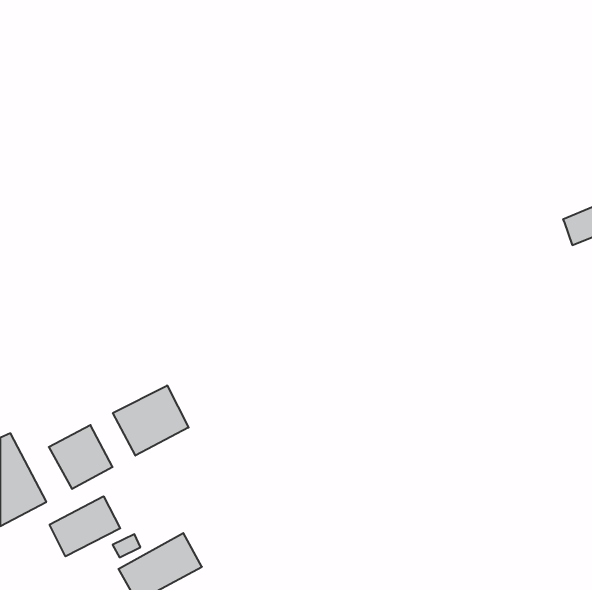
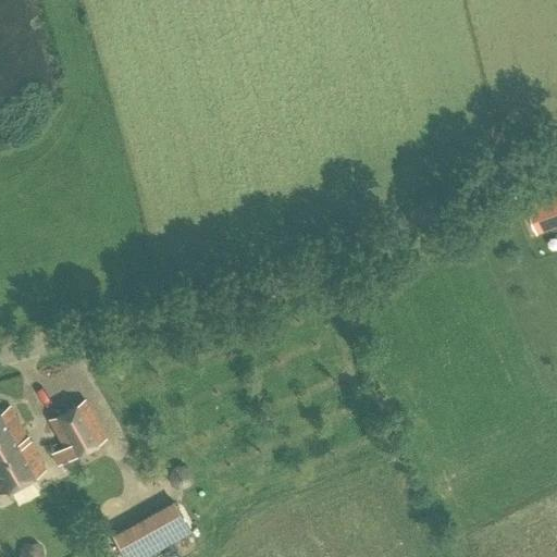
building: [113,385,189,456] -> none
building: [50,496,120,556] -> none

